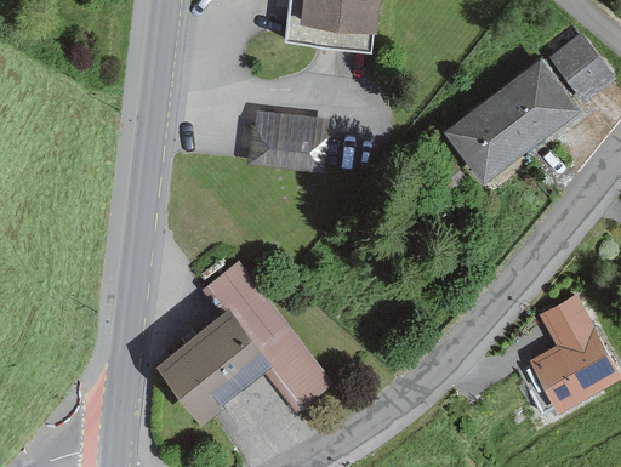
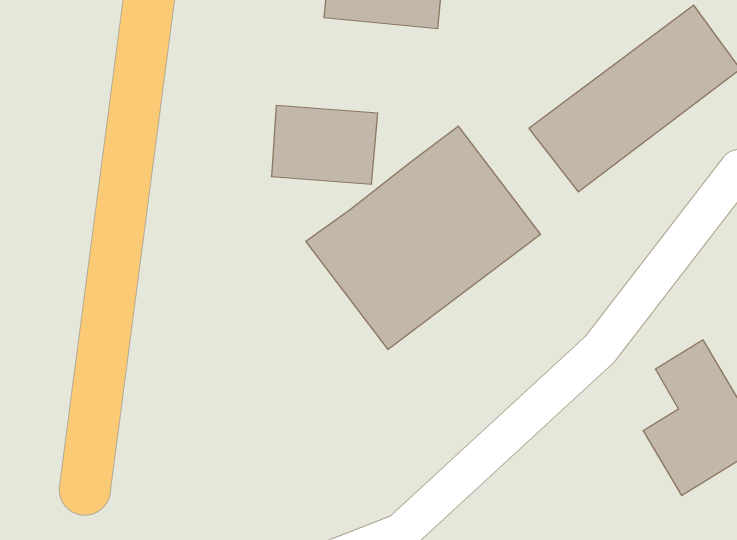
building: none -> [306,126,540,350]
building: [160,257,331,422] -> none

